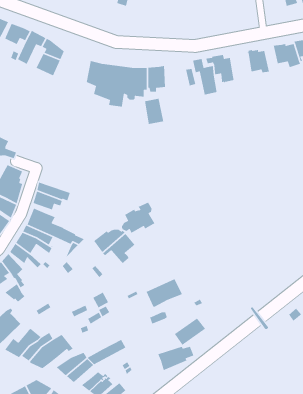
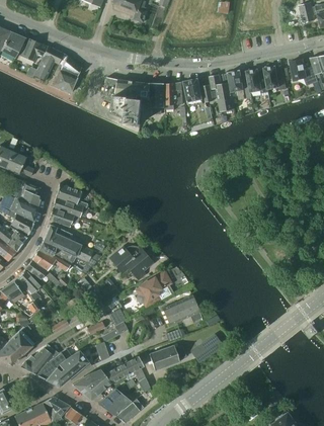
building: none -> [246,69,268,93]
building: [144,98,164,125] -> [183,79,204,106]
building: none -> [55,184,87,208]
building: [121,201,156,234] -> [137,273,171,306]
building: [157,346,194,371] -> [148,346,185,371]

